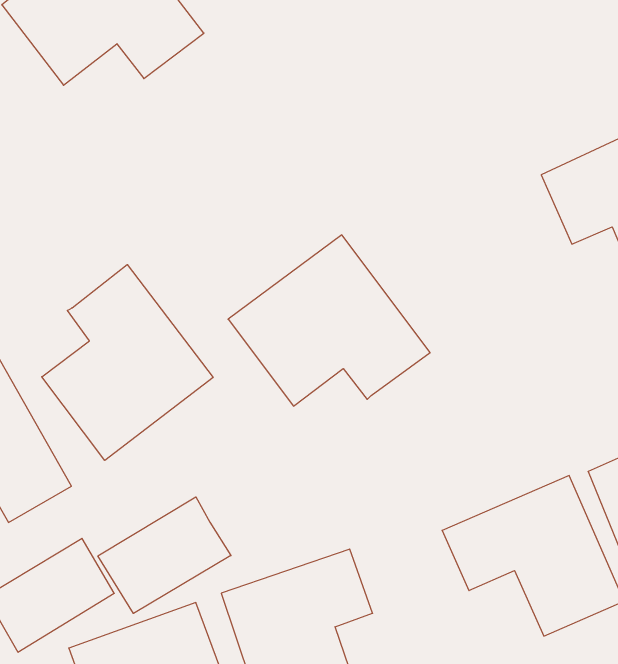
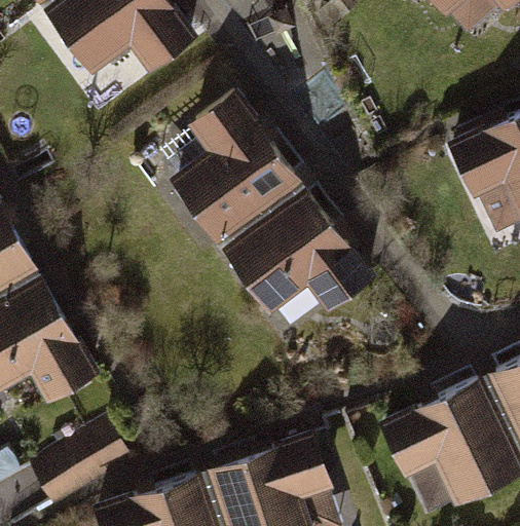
building: none -> [174,91,304,245]
building: [42,265,213,460] -> none
building: [98,497,231,613] -> none

